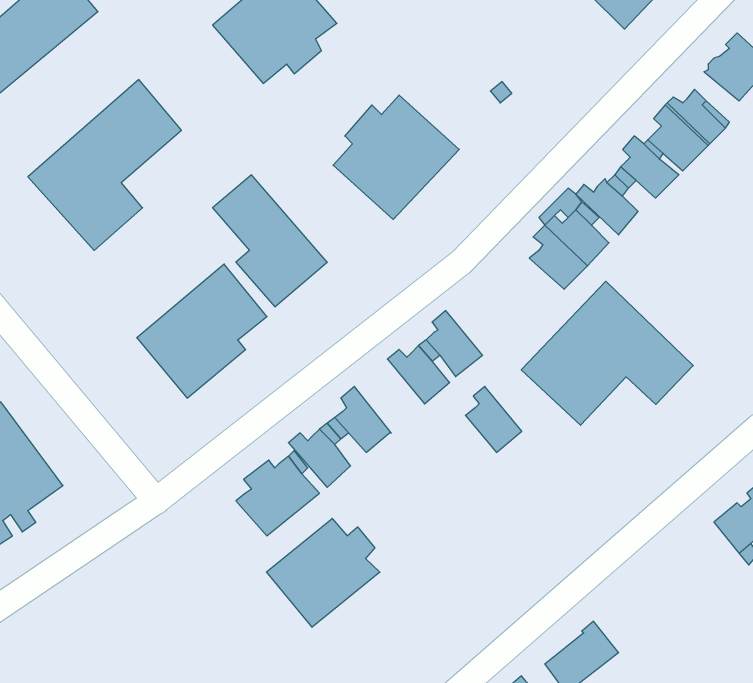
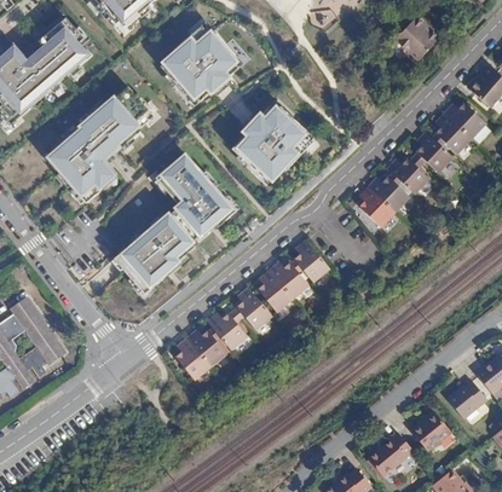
building: [521,281,693,425] -> none
building: [465,386,522,452] -> [258,270,293,311]
building: [267,518,380,627] -> none
building: none -> [450,384,490,422]
building: none -> [416,417,455,456]

